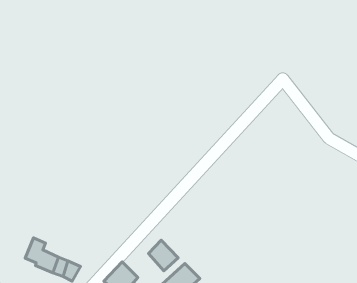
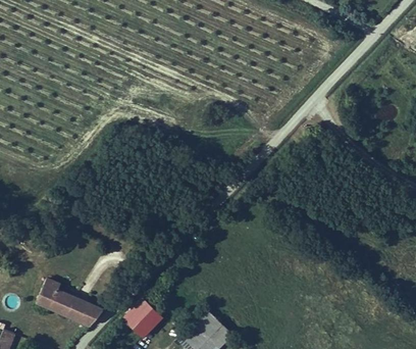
building: [149,240,178,271] -> none

